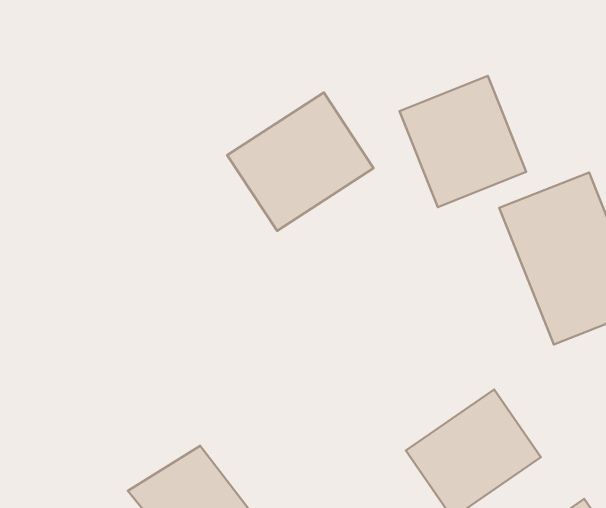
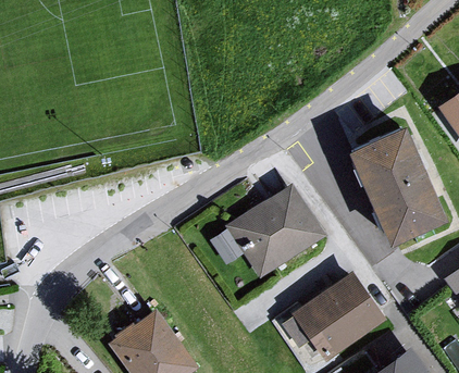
building: [399,76,526,207] -> none
building: [227,92,374,231] -> [224,187,323,281]

